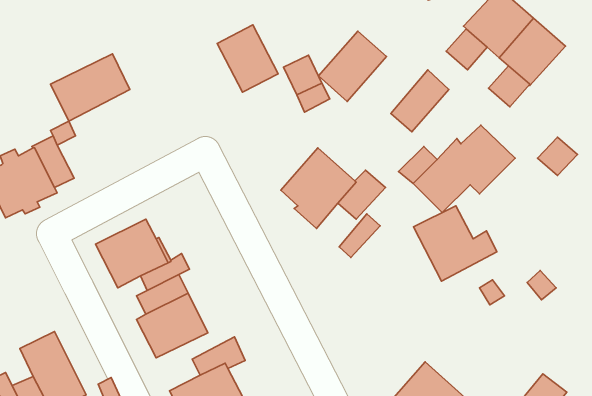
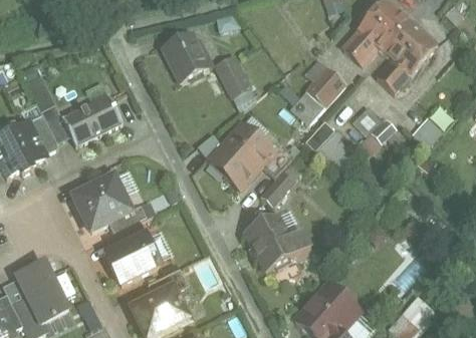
building: [318,31,387,101] -> none
building: [50,54,130,121] -> [62,93,123,144]
building: [414,206,497,281] -> [245,213,308,270]

